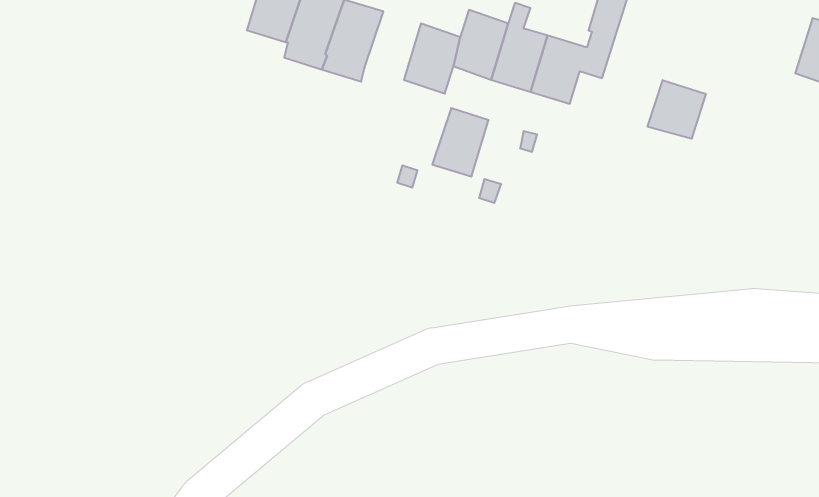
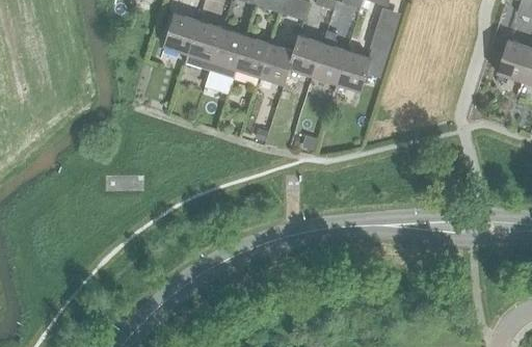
building: [648,80,706,139] -> none
building: [432,108,489,176] -> [235,35,269,77]

